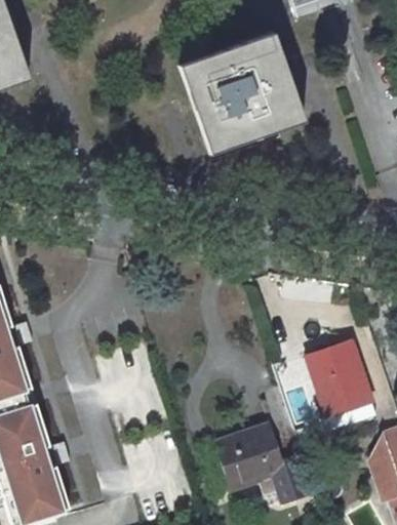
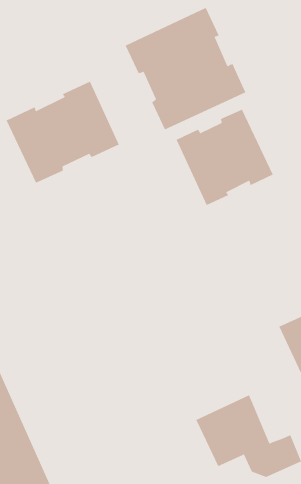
building: none -> [6,81,120,184]
building: none -> [176,109,273,206]

